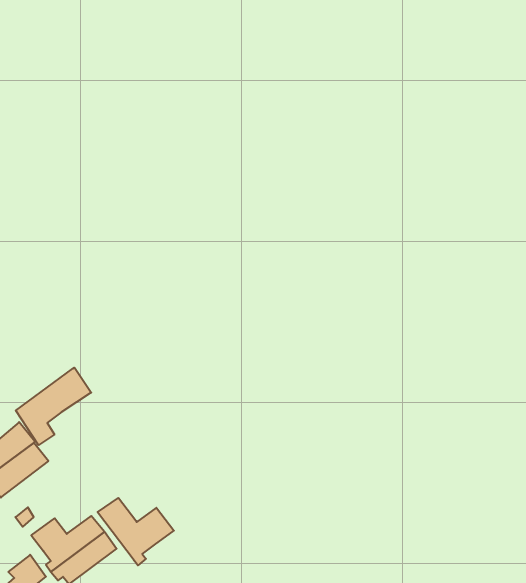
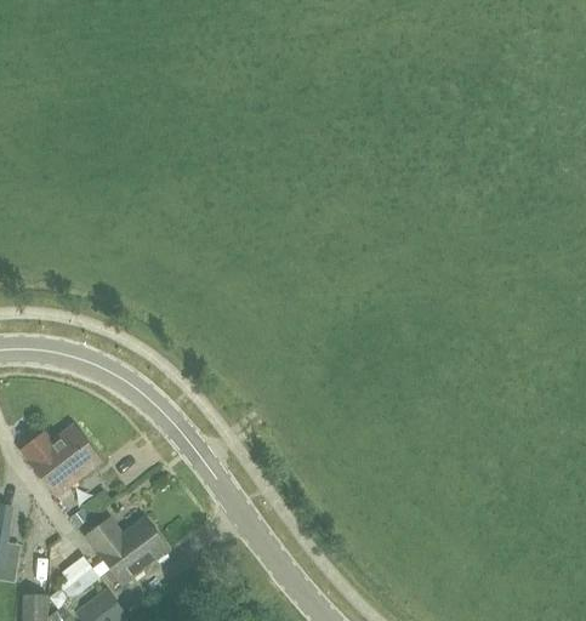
building: [16,368,91,445] -> none
building: [98,498,174,565] -> none

